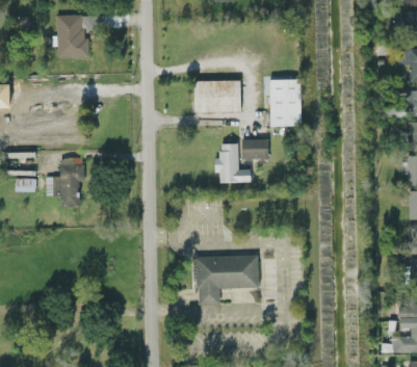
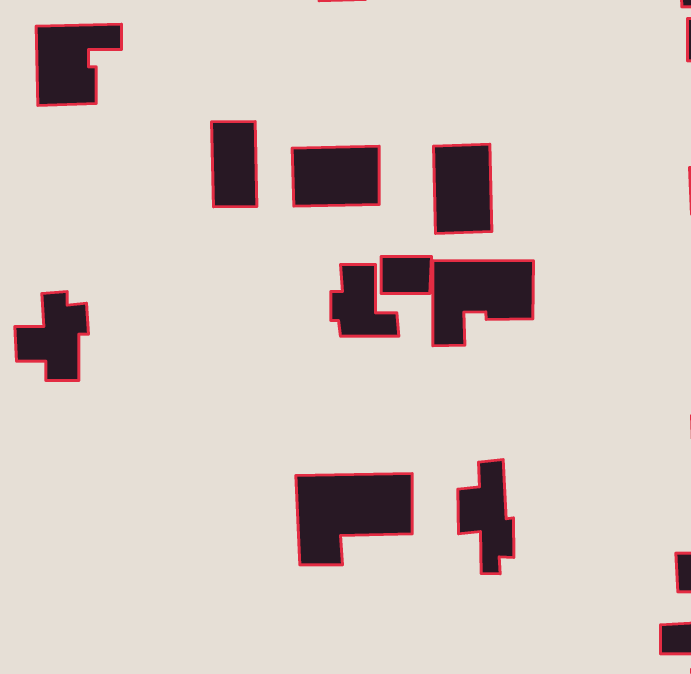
building: none -> [212,122,257,207]
building: none -> [433,261,534,346]
building: none -> [458,459,514,574]

